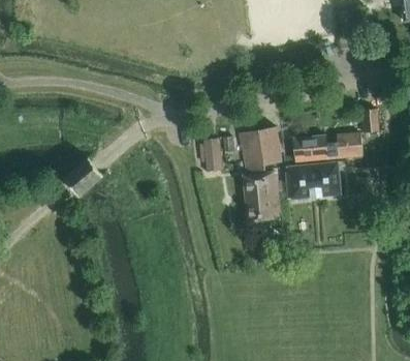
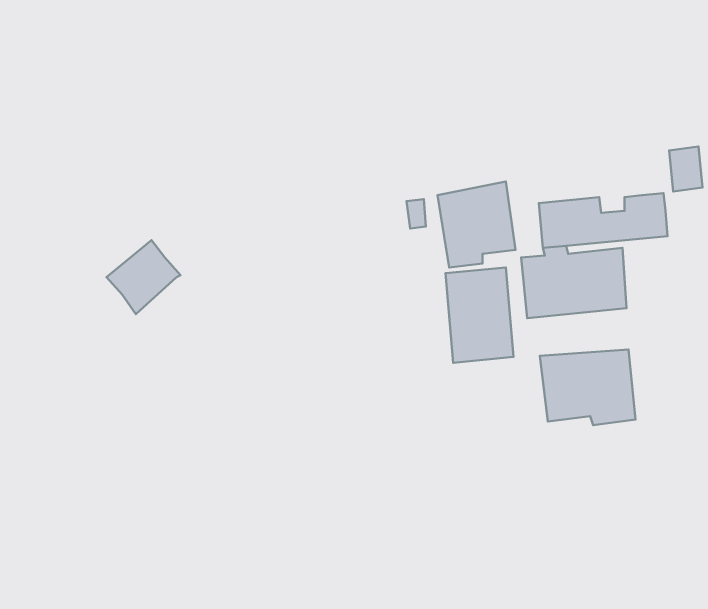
building: [203,139,223,171] -> none
building: none -> [540,350,635,425]

